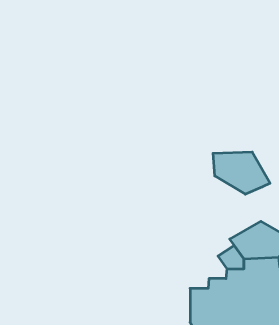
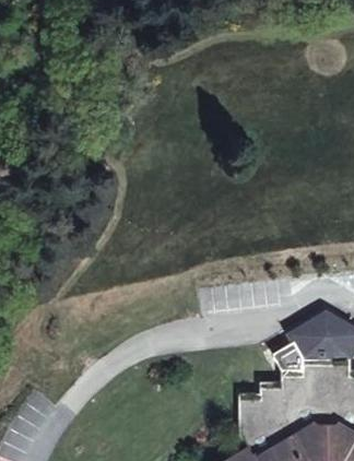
building: [213,152,270,194] -> none

